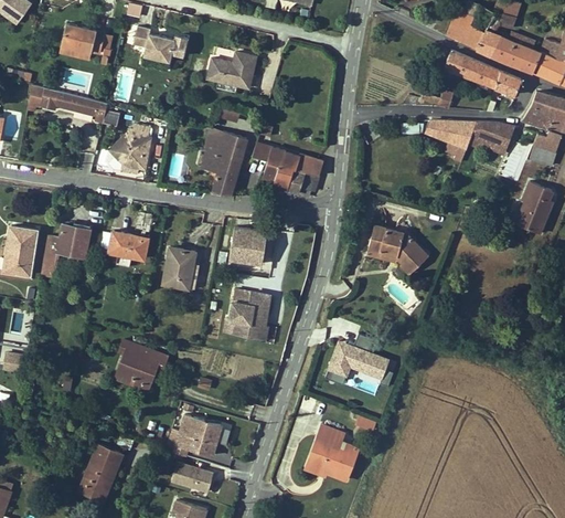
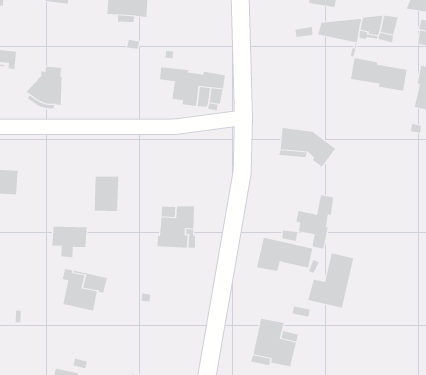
building: [202,128,247,197] -> none
building: none -> [351,57,407,92]
building: [230,228,267,265] -> none
building: [108,232,149,268] -> [51,226,87,258]
building: none -> [296,195,334,250]
building: none -> [308,253,354,308]
building: [166,416,221,457] -> none

